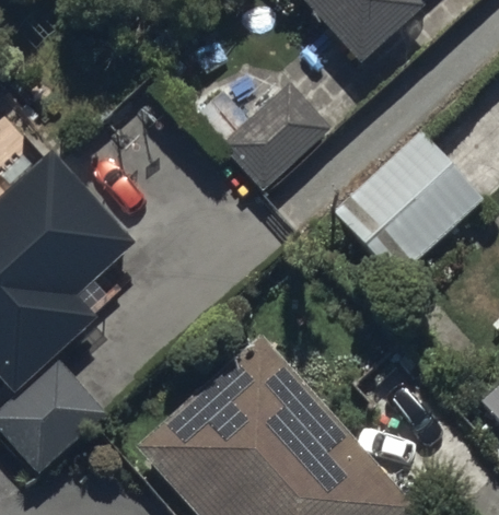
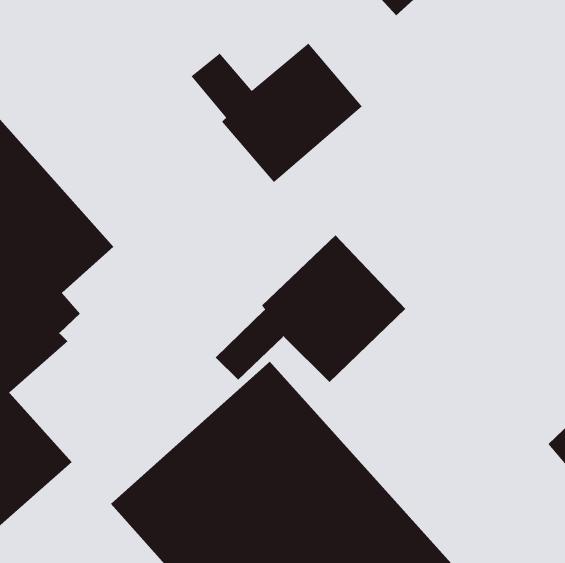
building: [333,129,484,279] -> none
building: none -> [215,235,406,383]

